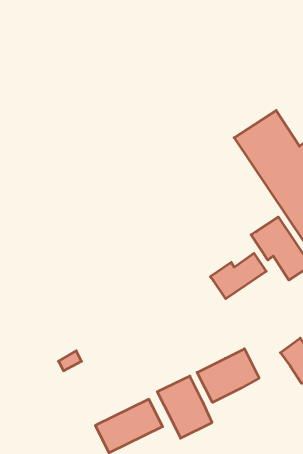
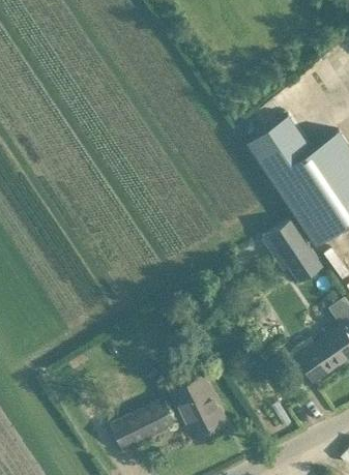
building: [210,253,266,299] -> none
building: [197,349,259,402] -> none

